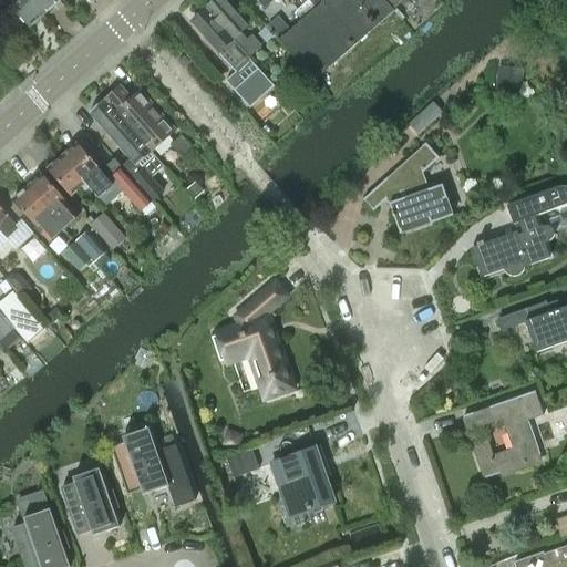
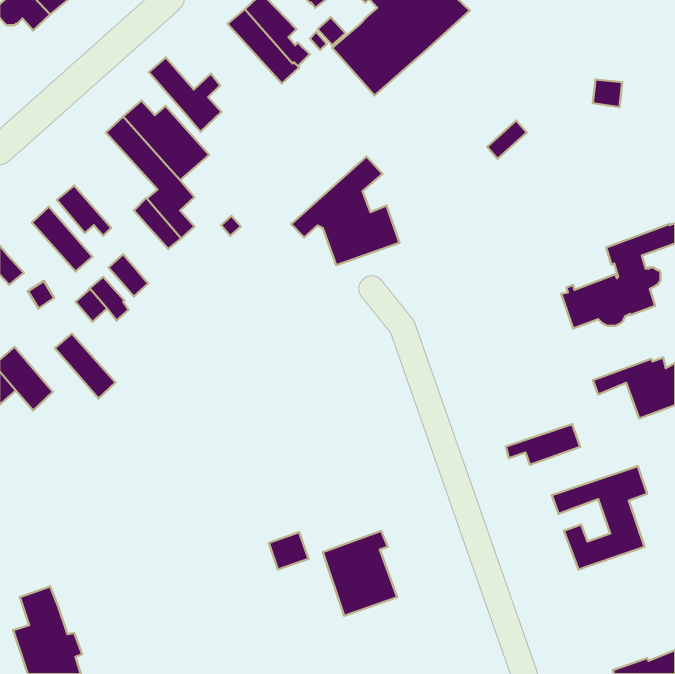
building: [230,62,274,105] -> none
building: [361,142,452,233] -> [291,157,400,265]
building: [62,143,123,205] -> [149,58,222,132]
building: [12,186,63,240] -> [55,334,116,398]
building: [214,280,293,398] -> none
building: none -> [506,424,580,465]
building: [109,426,194,507] -> none
building: [60,467,118,535] -> none

